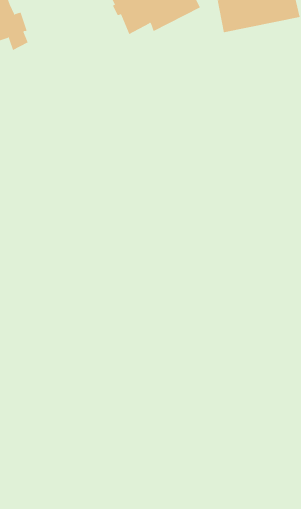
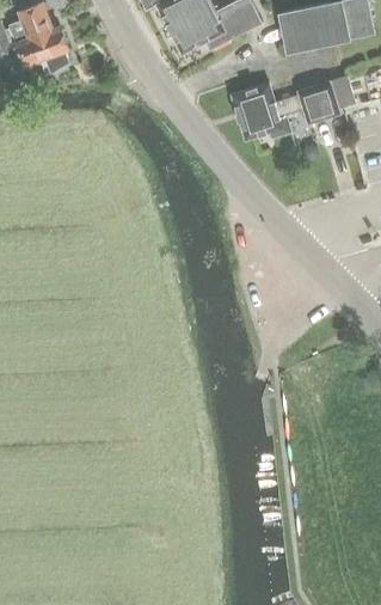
building: none -> [232,80,340,139]

